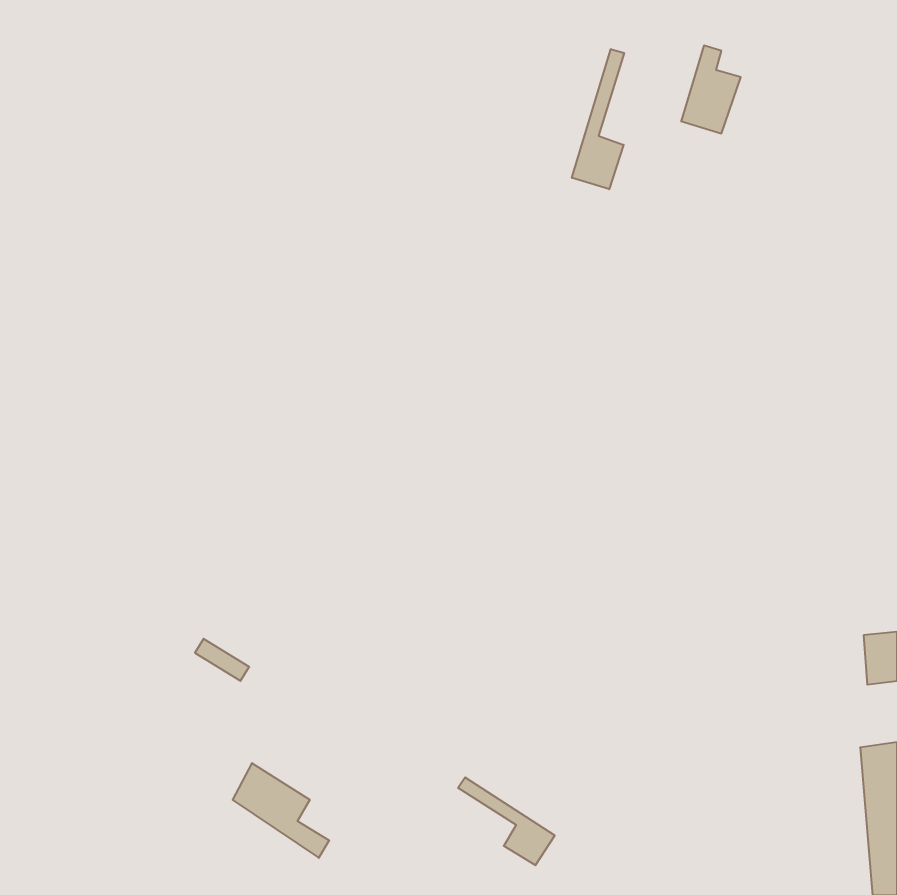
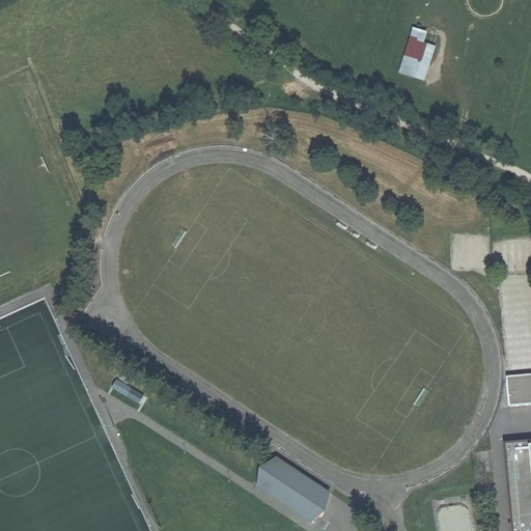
building: [572,49,624,189] -> none
building: [233,763,329,858] -> [259,466,316,522]

